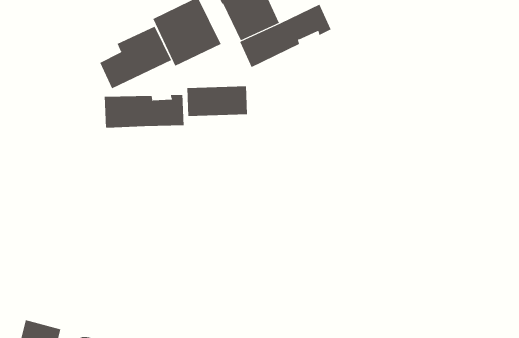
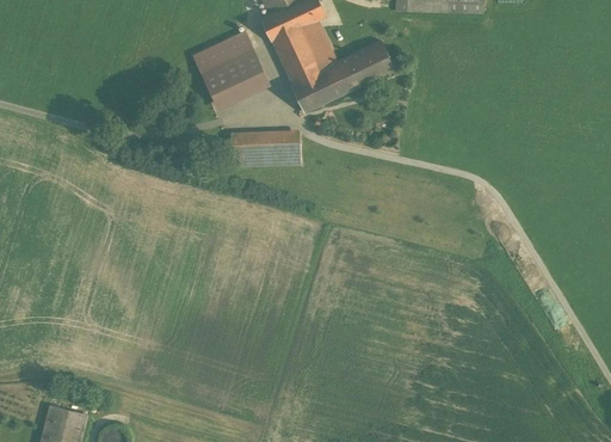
building: [99,26,172,89] -> none
building: [104,94,184,129] -> none

